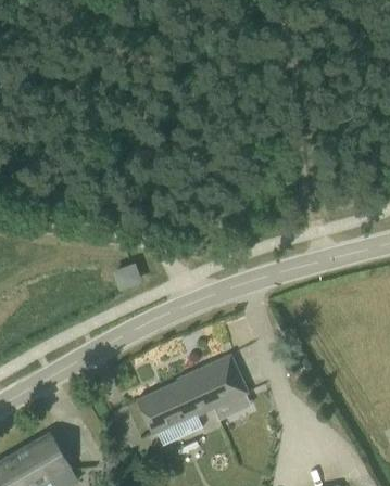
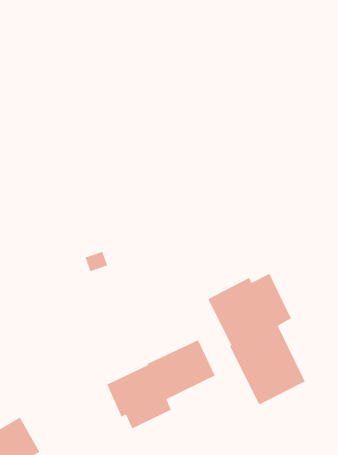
building: none -> [207,273,306,405]

